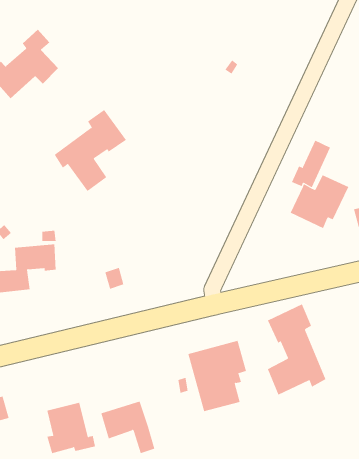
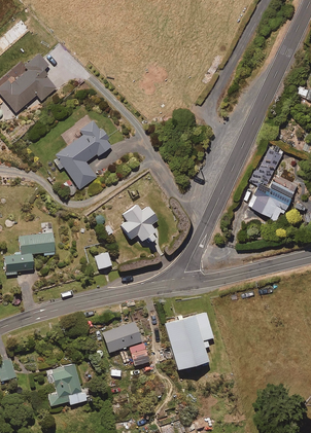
building: none -> [119,205,157,245]
building: [267,303,326,395] -> none
building: [101,401,155,454] -> [101,322,146,366]

